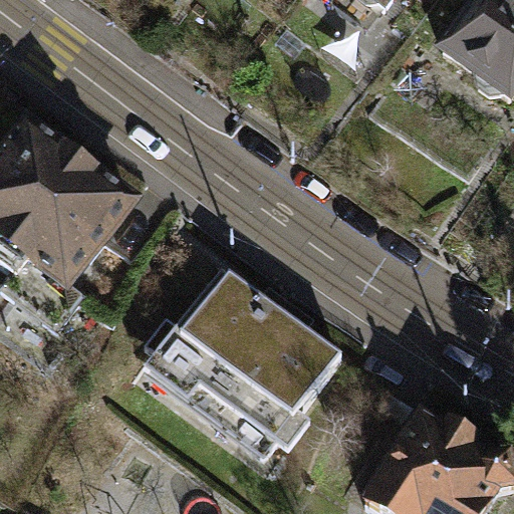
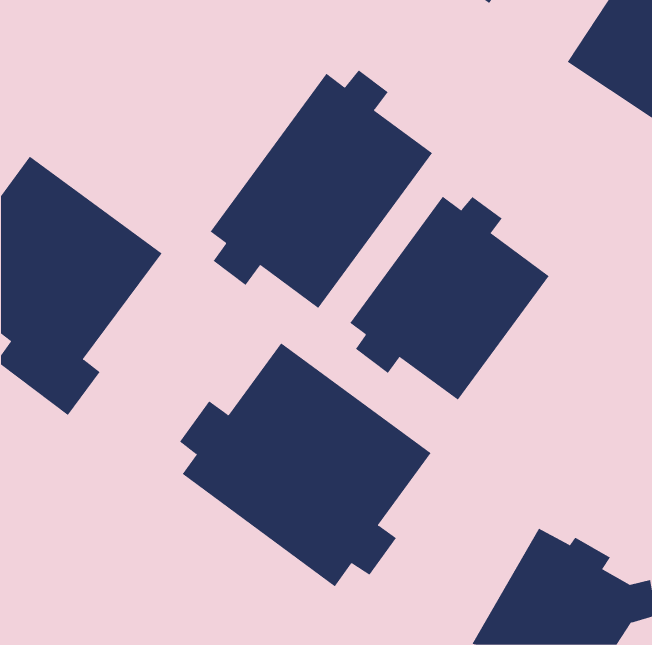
building: none -> [210,69,433,309]
building: none -> [350,196,550,401]

